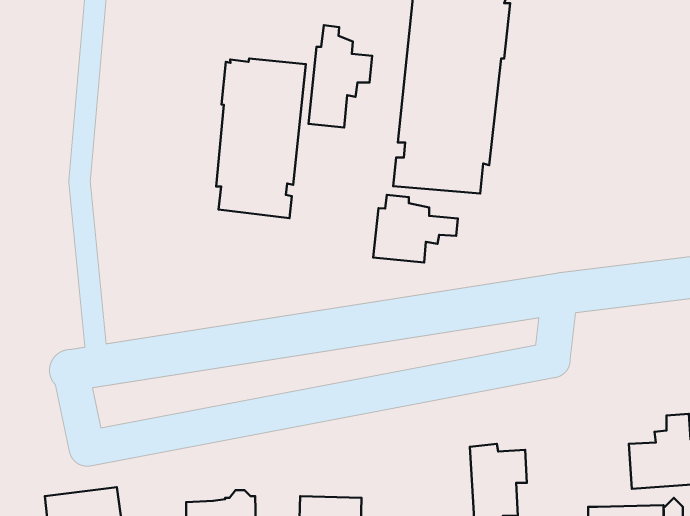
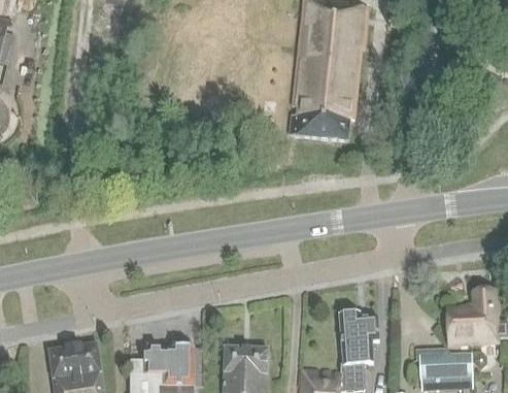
building: [308,25,372,127] -> none
building: [216,59,306,218] -> none
building: [373,195,458,263] -> none

